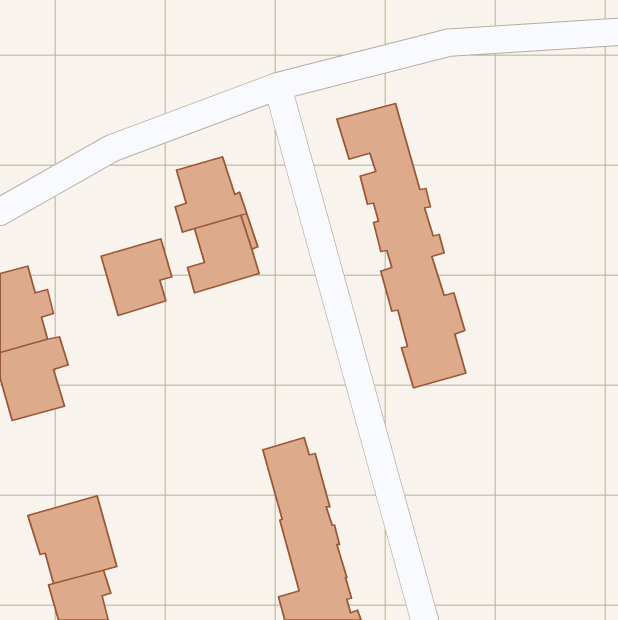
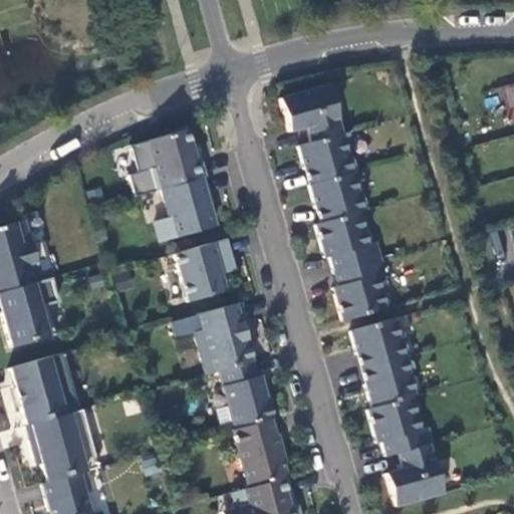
building: [101,239,172,316] -> [178,239,236,302]
building: none -> [196,302,254,374]
building: none -> [352,319,444,507]
building: none -> [10,353,79,426]

